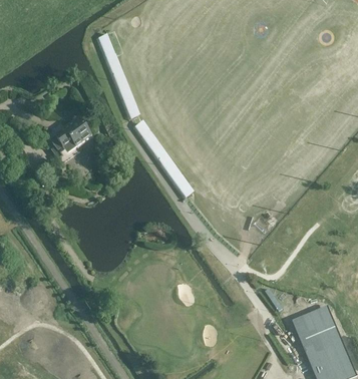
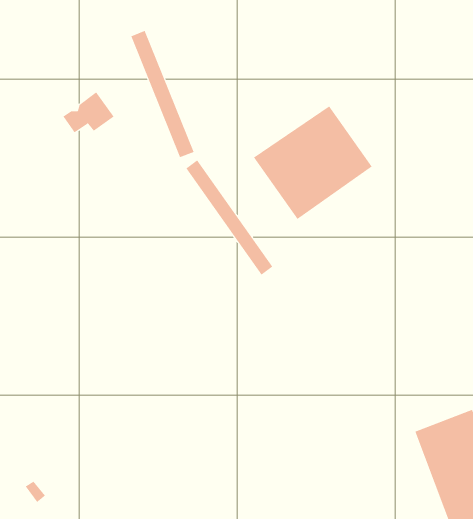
building: none -> [253,105,372,220]
building: [54,121,89,149] -> [62,91,114,133]

